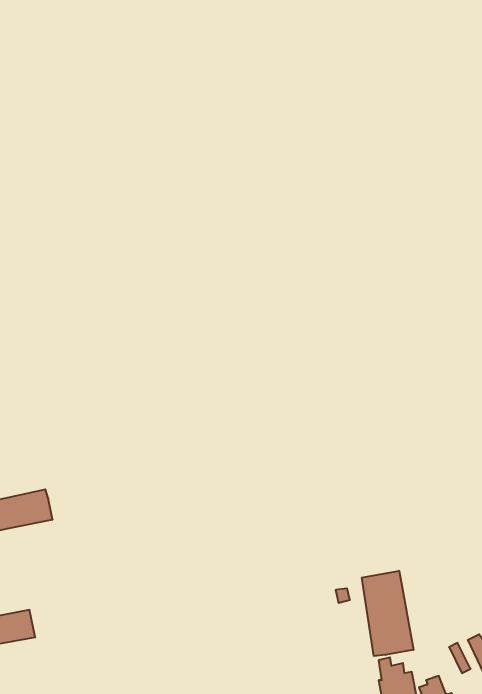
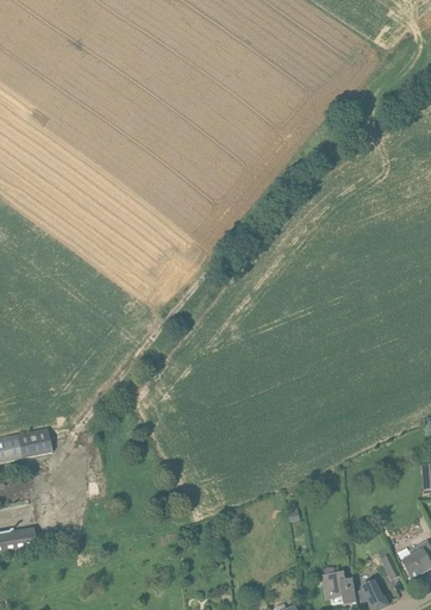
building: [362,571,414,656] -> none

